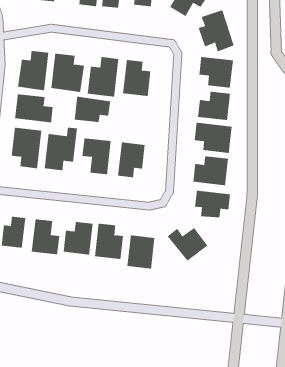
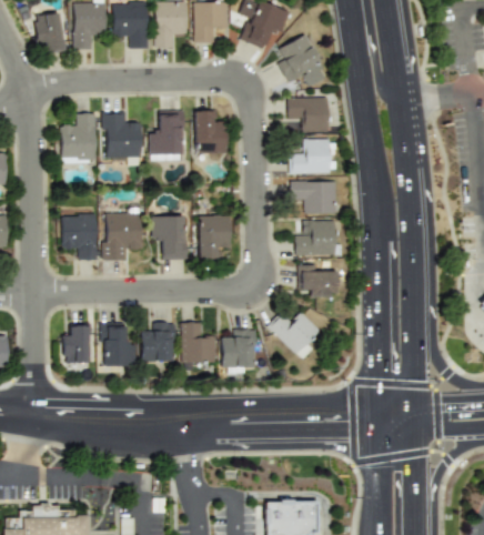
building: [14,93,53,123] -> none
building: [74,96,111,123] -> none

